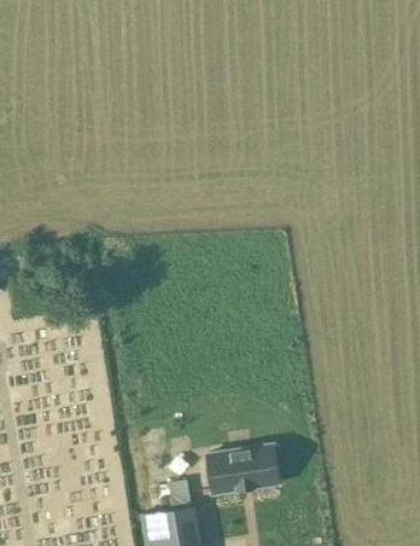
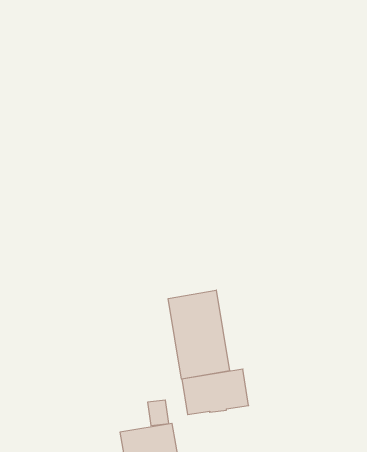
building: none -> [168,290,229,379]

